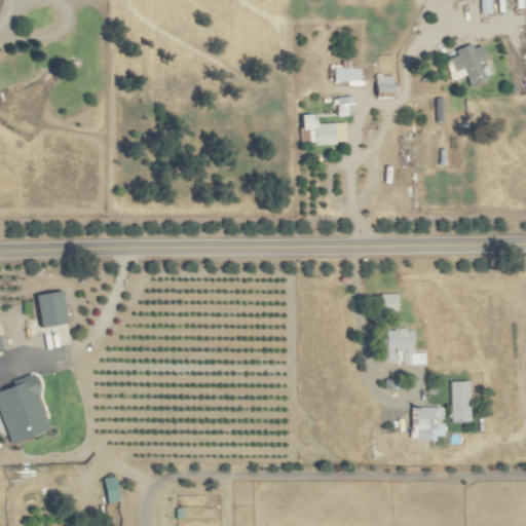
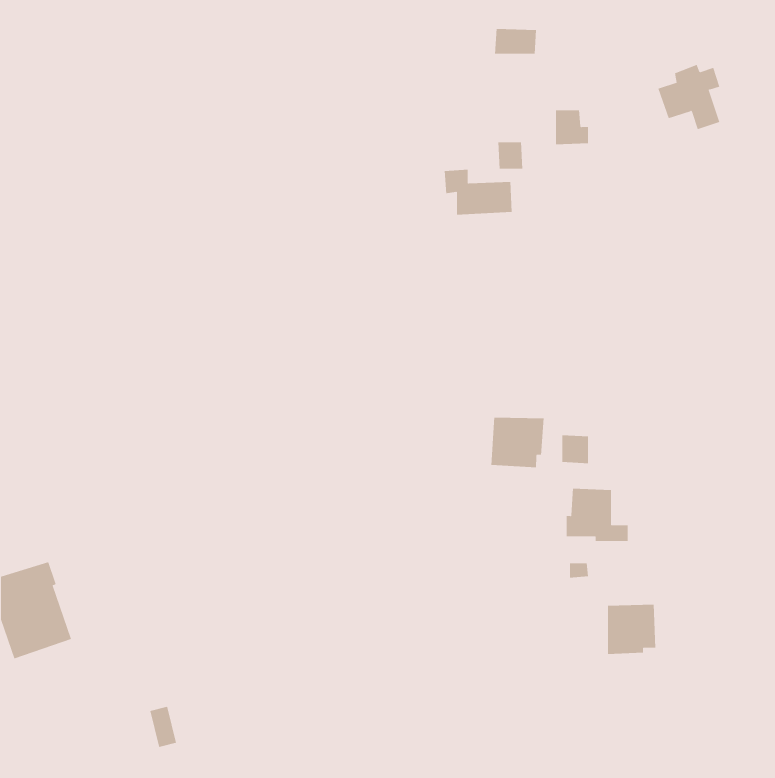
building: [335,66,364,83] -> [494,28,537,54]
building: none -> [491,417,544,468]
building: [38,292,68,327] -> none
building: [451,381,472,422] -> none

